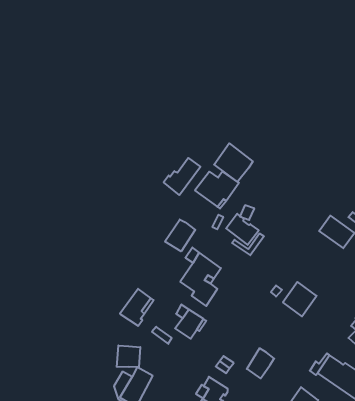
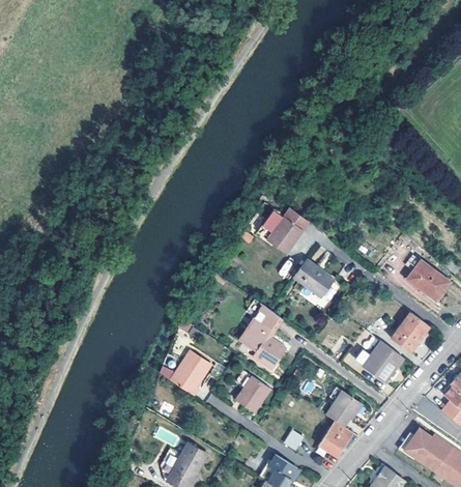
building: [214,143,253,182] -> none
building: [164,158,200,195] -> none
building: [165,219,195,251] -> none
building: none -> [393,312,430,351]
building: none -> [326,391,362,426]
building: [117,345,140,367] -> none

